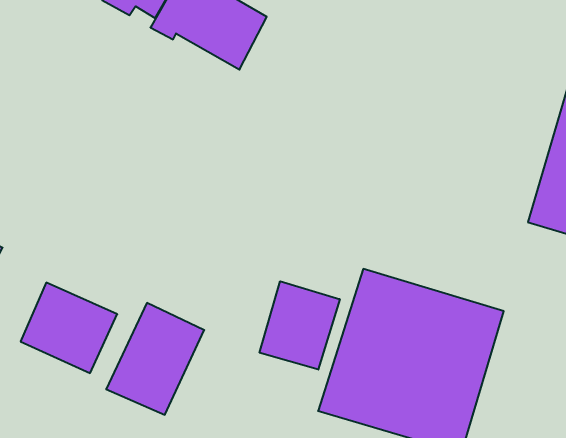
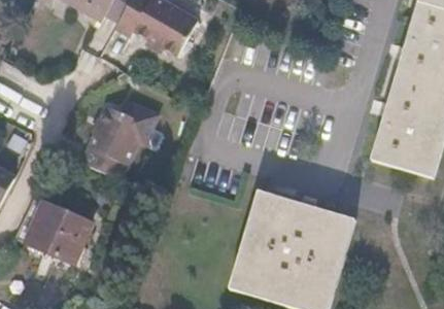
building: [260,281,340,370] -> none
building: [106,303,204,415] -> [77,103,144,179]

